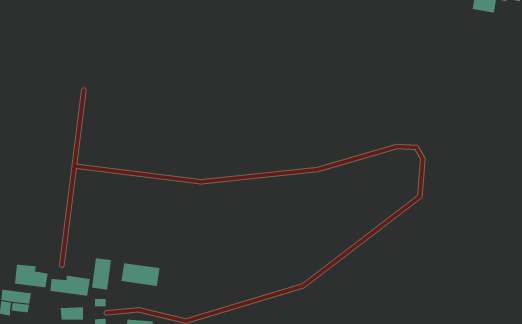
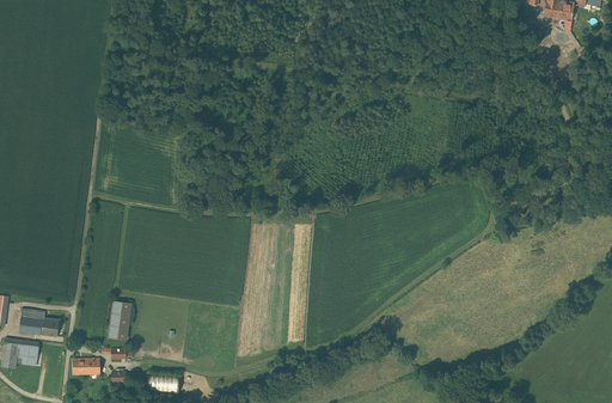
building: [121,262,160,287] -> none
building: [50,275,90,296] -> none

